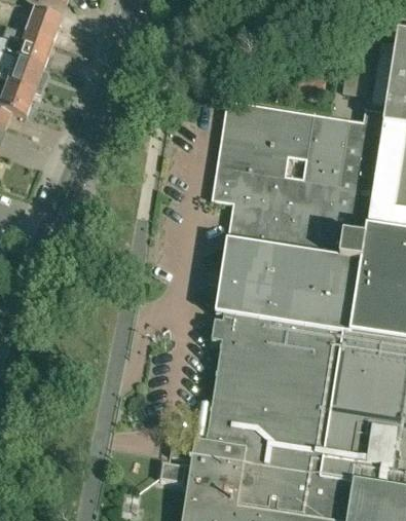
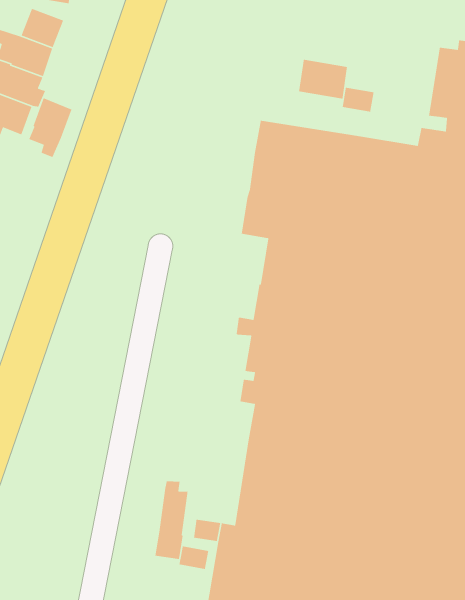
building: none -> [298,59,348,99]
building: none -> [28,97,72,158]
building: none -> [155,481,189,560]

